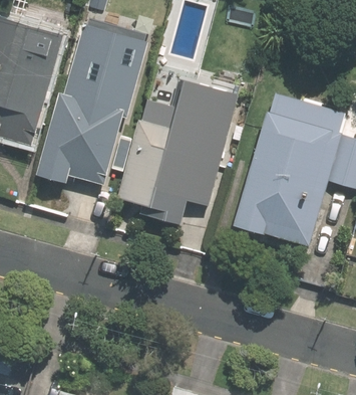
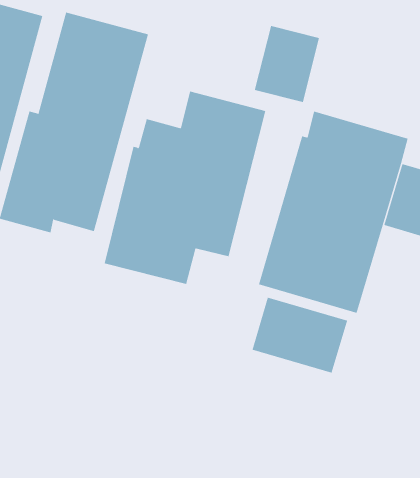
building: none -> [254,25,320,103]
building: none -> [252,297,348,374]

